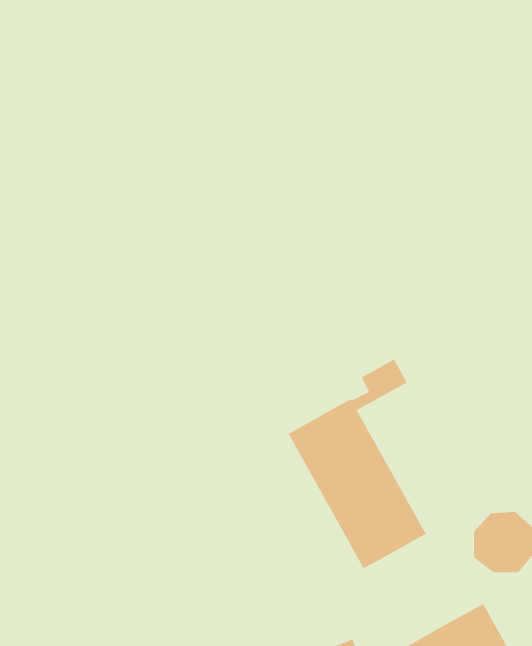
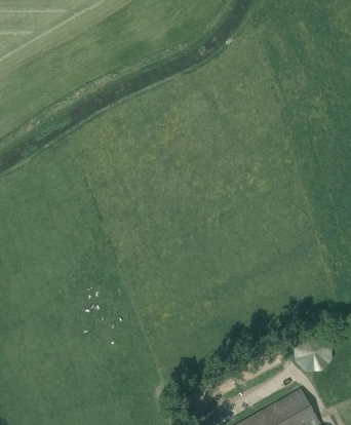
building: [288,358,426,569] -> none

